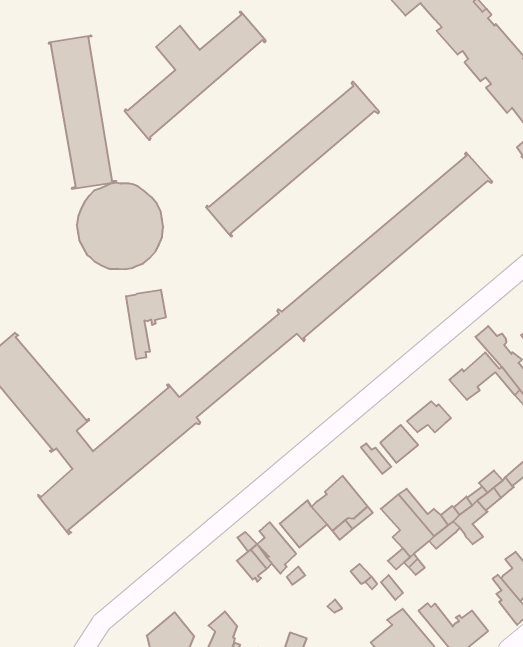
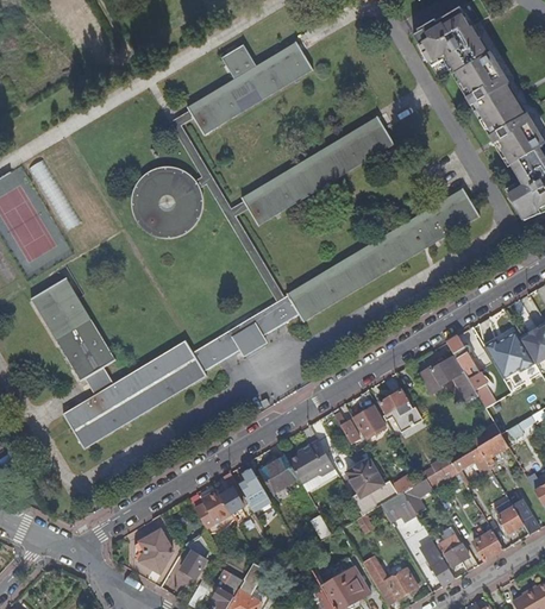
building: [49,35,116,189] -> none
building: [126,290,166,359] -> none
building: none -> [195,489,230,528]

